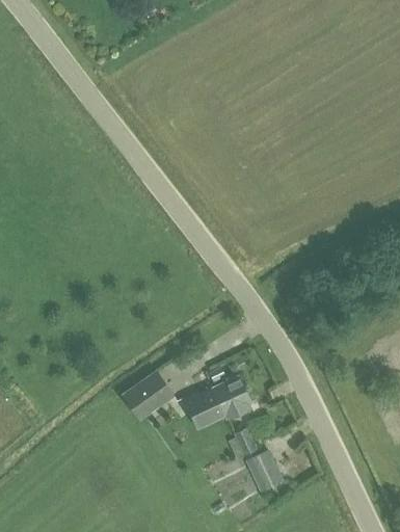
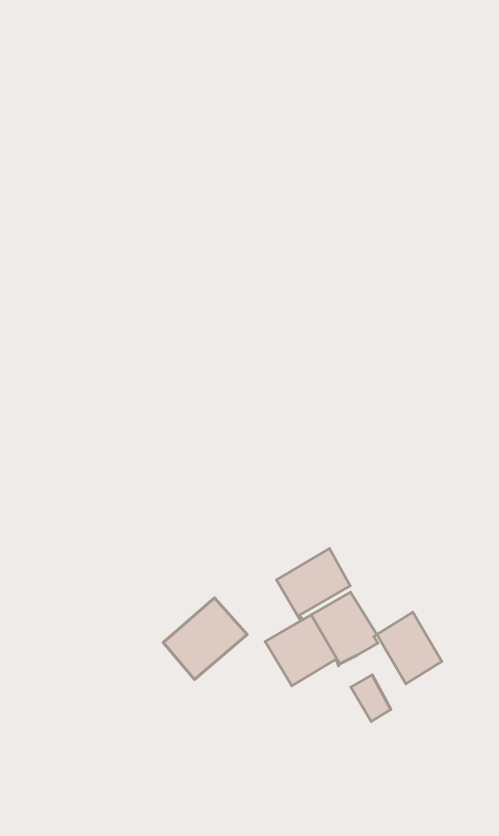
building: none -> [277,549,350,620]
building: [246,450,284,493] -> [377,612,442,684]

